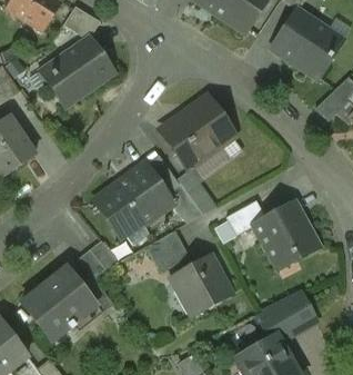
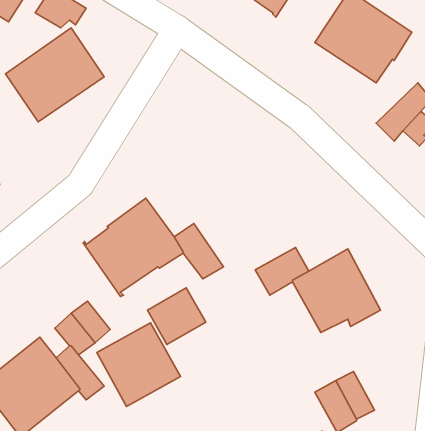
building: [160,97,233,169] -> none
building: [170,254,232,316] -> [97,323,180,406]

